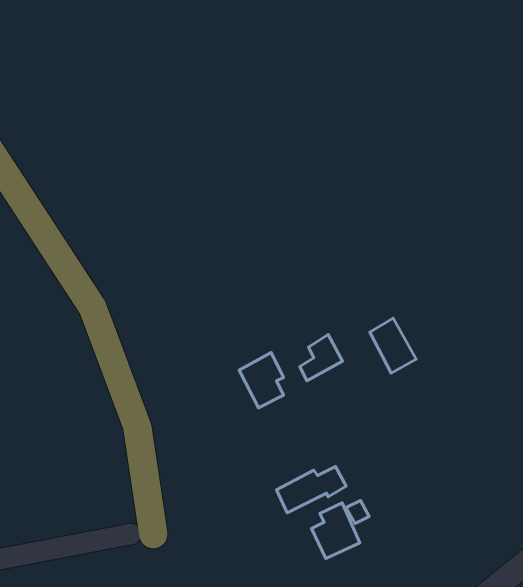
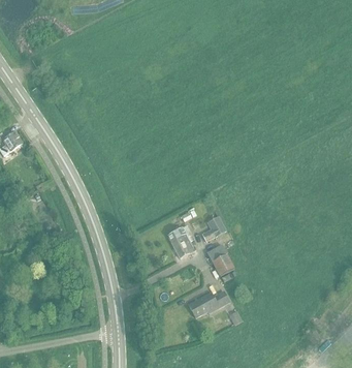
building: [370,318,416,373] -> [205,242,232,274]
building: [311,503,360,559] -> none

